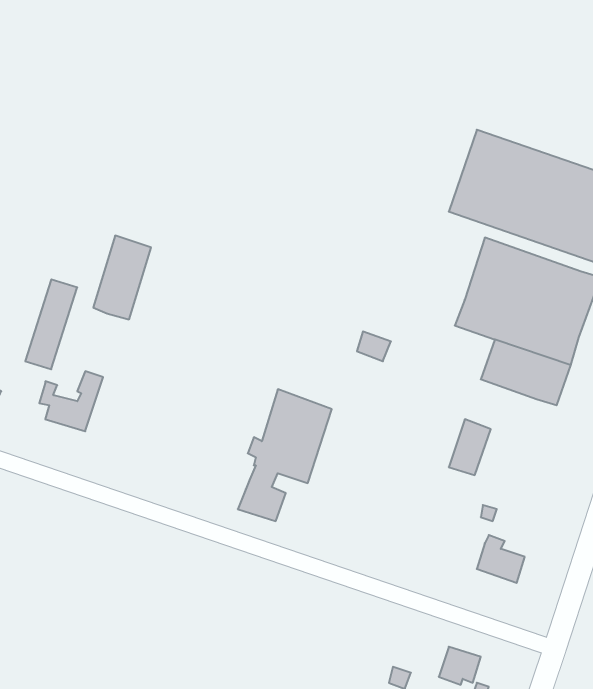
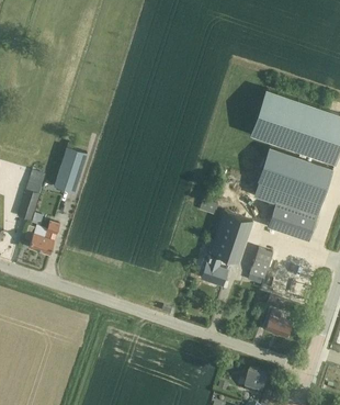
building: [238,389,332,521] -> [201,211,252,283]

